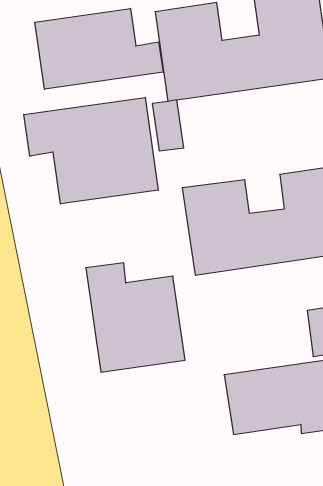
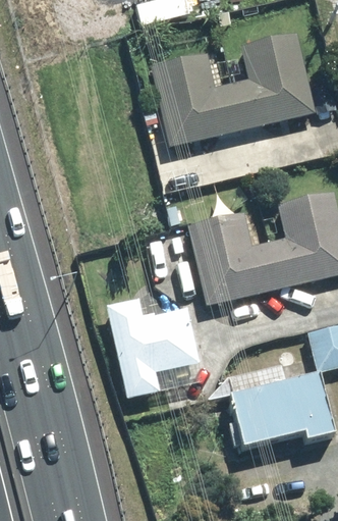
building: [35,8,163,89] -> none
building: [24,97,158,204] -> none

